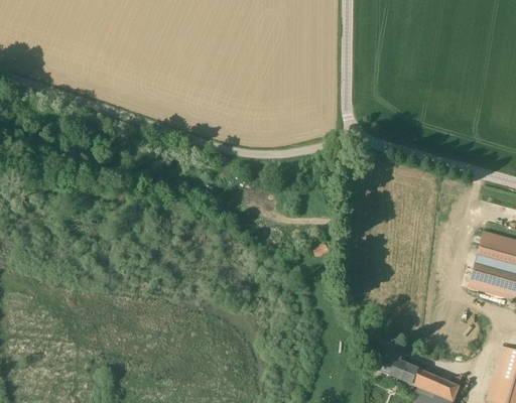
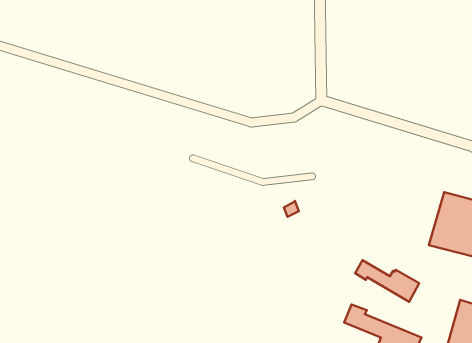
building: none -> [355,260,419,302]

